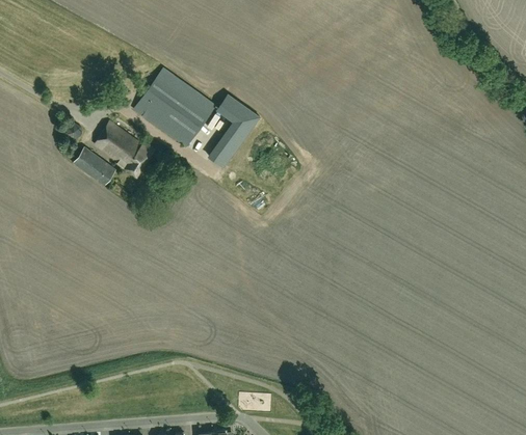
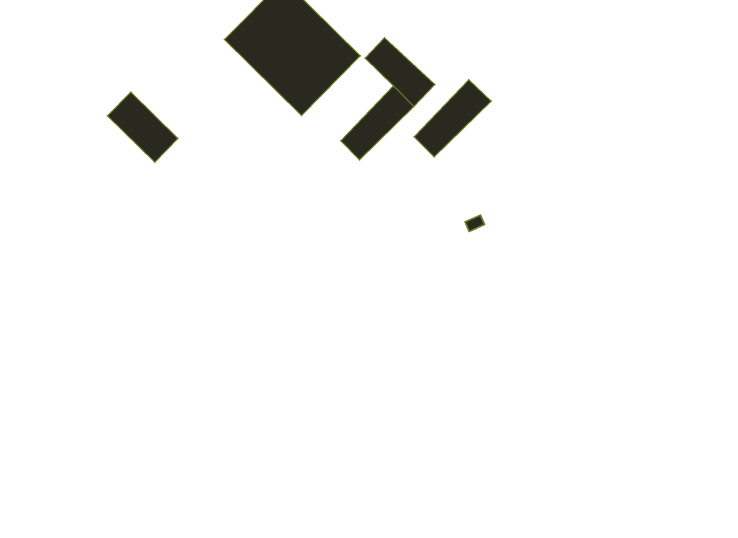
building: none -> [414,80,491,157]
building: [94,123,155,176] -> none

